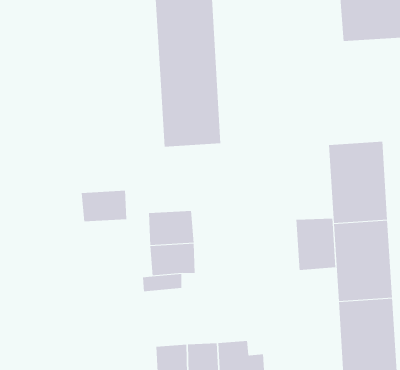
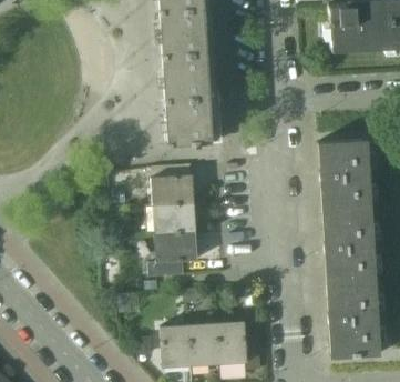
building: [81,190,127,222] -> [153,177,195,205]
building: [296,218,336,271] -> none

